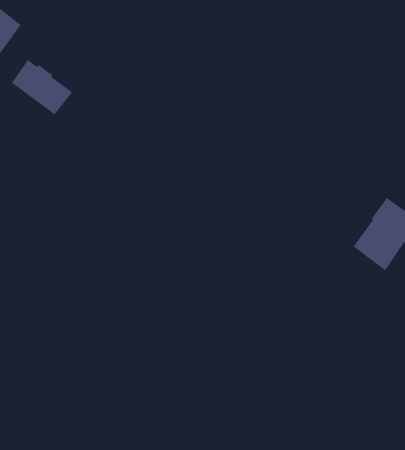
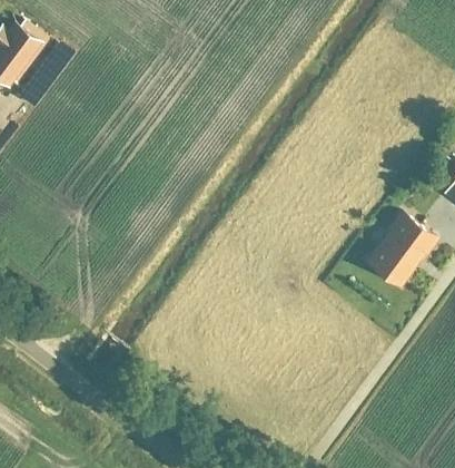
building: [11,59,73,115] -> none

